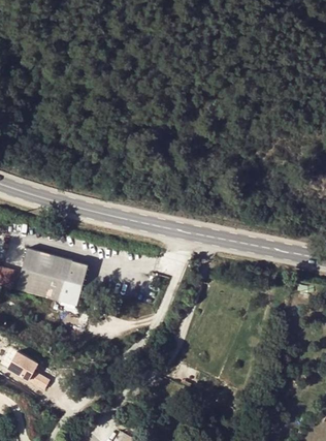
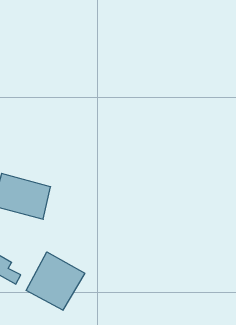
building: none -> [26,252,85,310]

